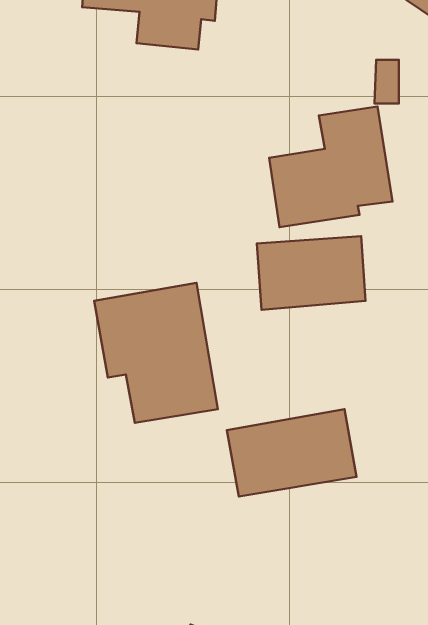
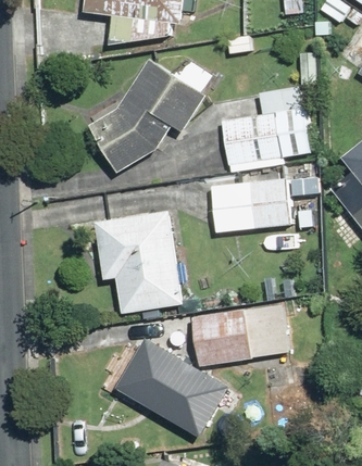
building: none -> [89,58,214,173]
building: none -> [116,339,225,423]

